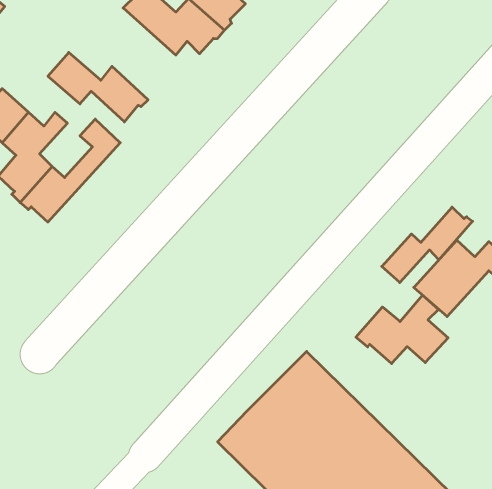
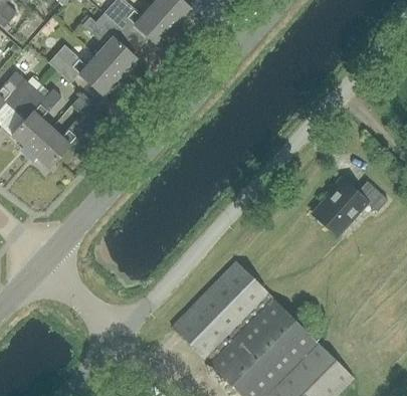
building: none -> [82,12,141,78]
building: [382,207,473,283] -> none
building: [356,295,448,364] -> none

